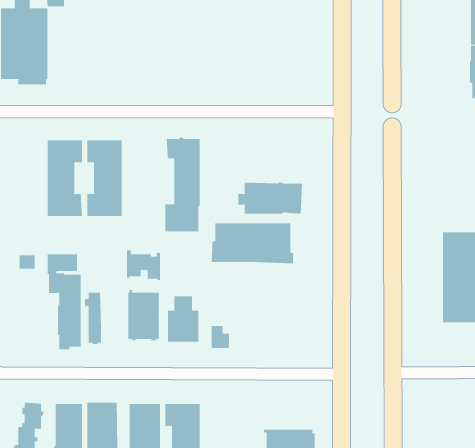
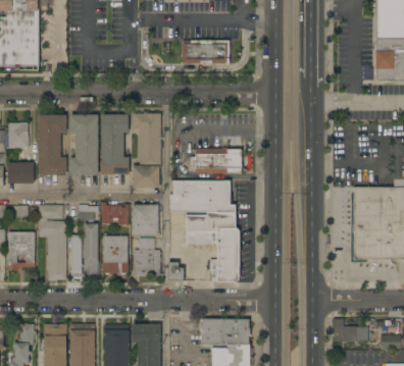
building: none -> [182,40,229,64]
building: none -> [101,114,129,174]
building: none -> [7,122,29,149]
building: none -> [7,162,34,184]
building: none -> [132,204,159,237]
building: none -> [78,205,98,280]
building: none -> [186,212,241,281]
building: none -> [7,231,35,269]
building: none -> [333,318,367,342]
building: none -> [200,319,250,345]

